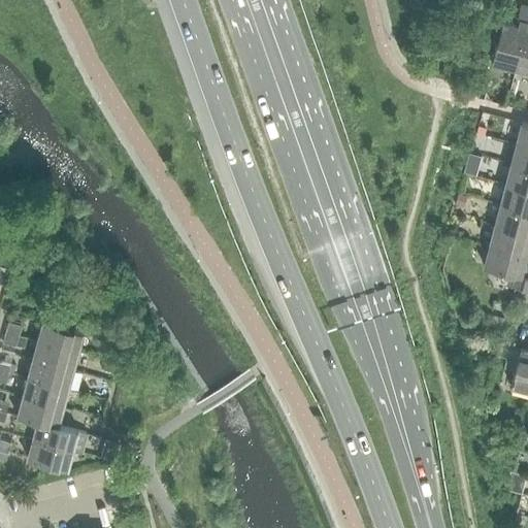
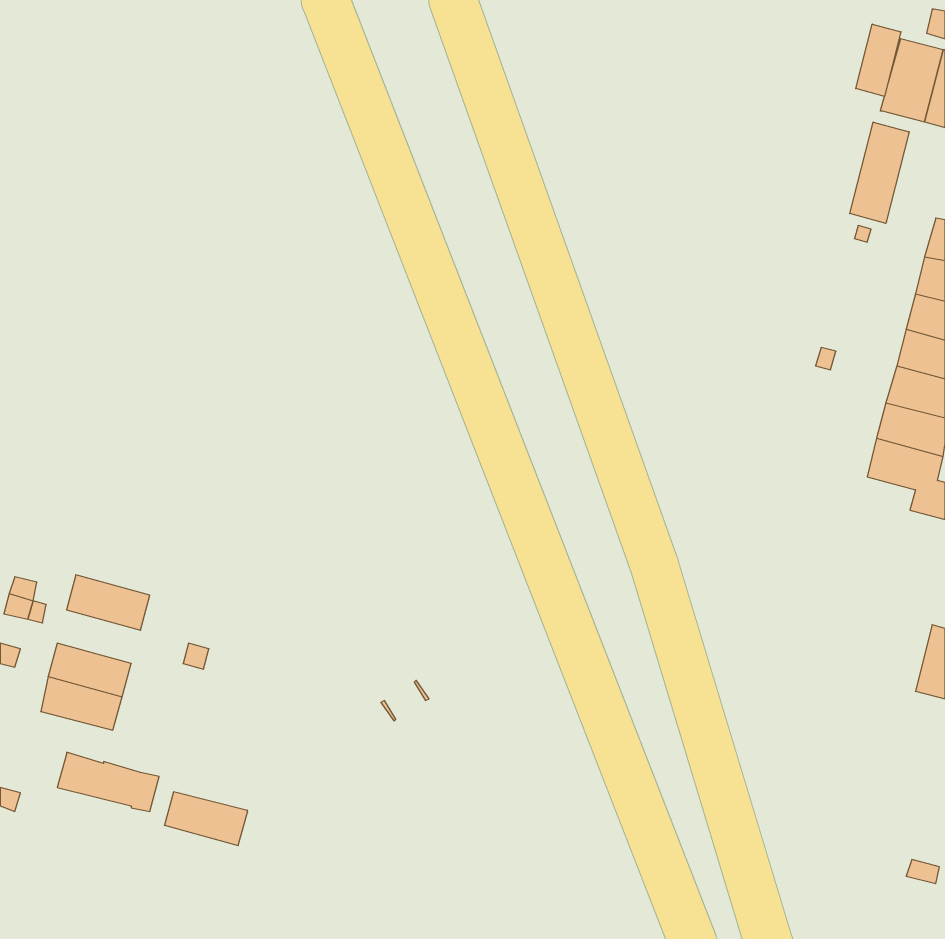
building: none -> [856,24,901,96]
building: none -> [850,122,909,223]
building: [32,343,78,373] -> none
building: [18,400,63,429] -> none
building: [27,442,73,472] -> [164,792,248,846]

